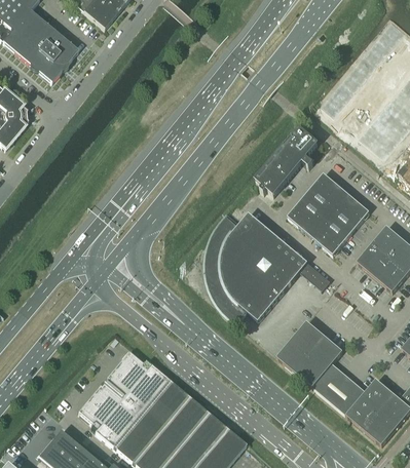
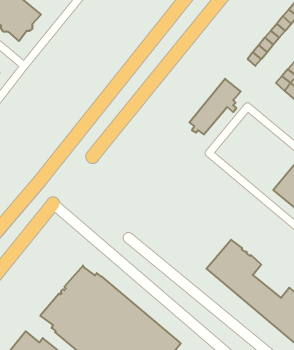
building: [287,171,369,254] -> none
building: [204,211,330,321] -> none

